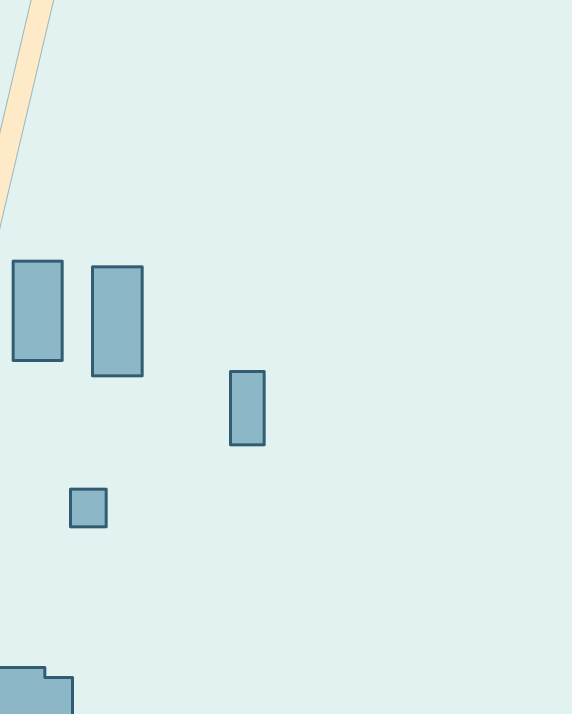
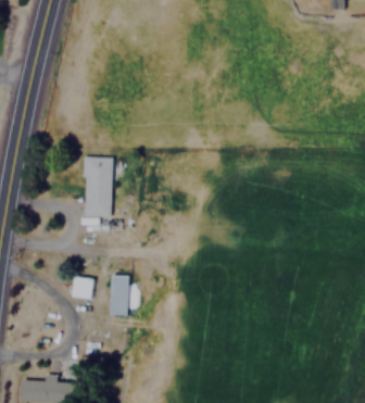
building: [13,261,62,360] -> none
building: [230,371,264,445] -> [110,275,128,315]

